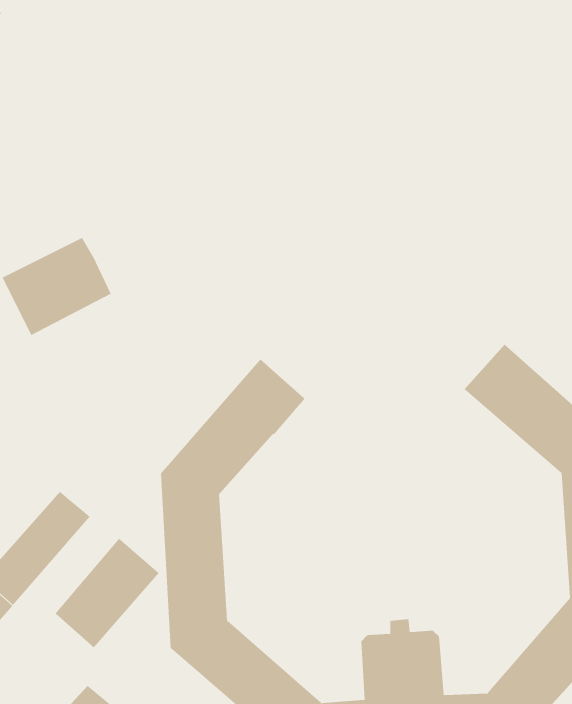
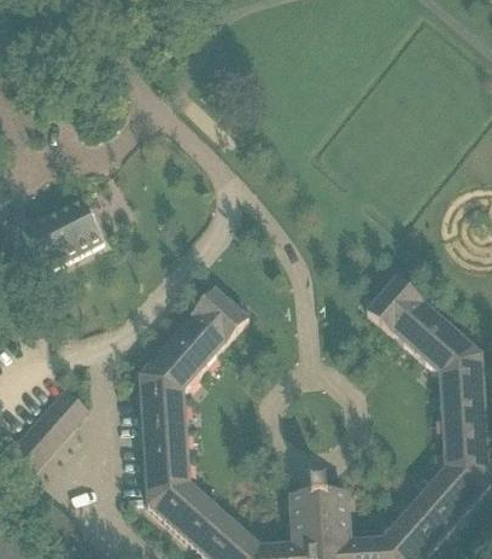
building: [55,538,160,648] -> none

